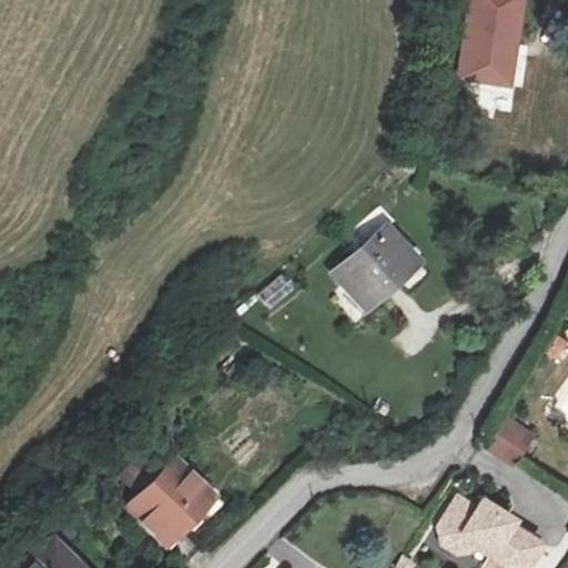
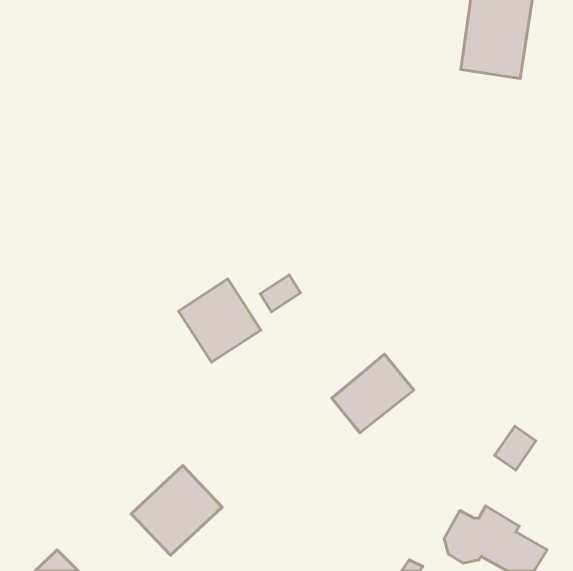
building: [337,225,418,303] -> [332,354,414,433]
building: none -> [178,279,261,362]

